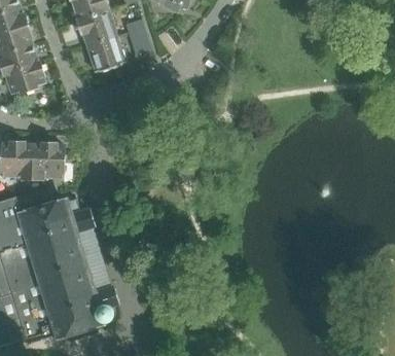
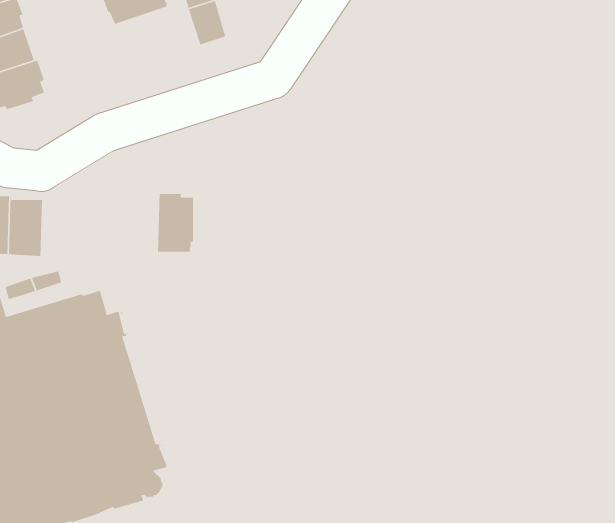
building: [84,31,125,72] -> none
building: [41,143,63,178] -> [157,193,194,253]

